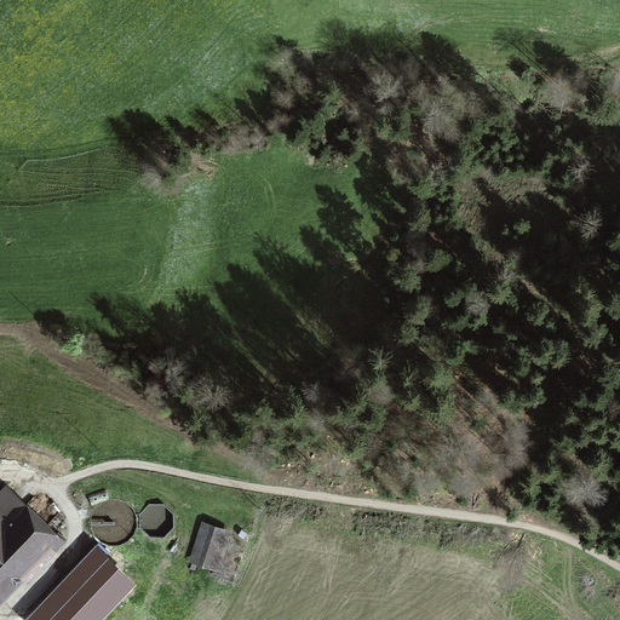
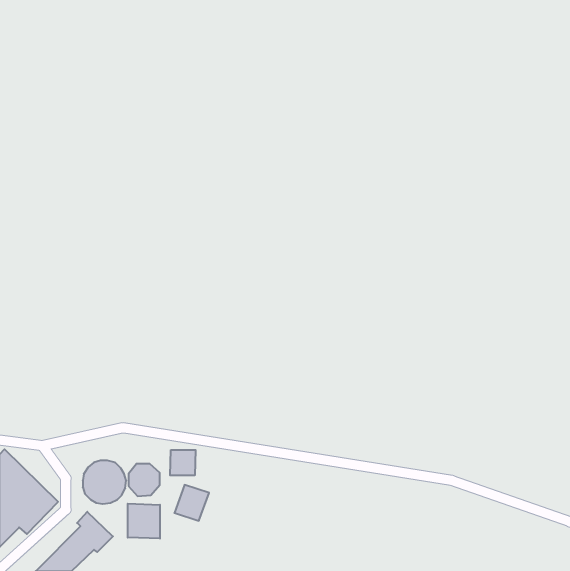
building: none -> [170,450,196,475]
building: none -> [128,504,160,539]

